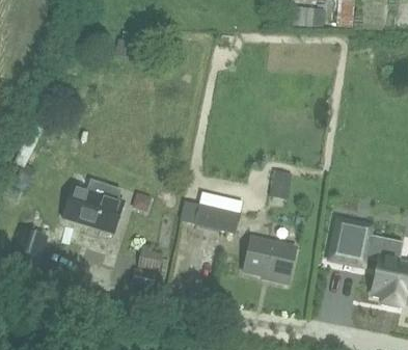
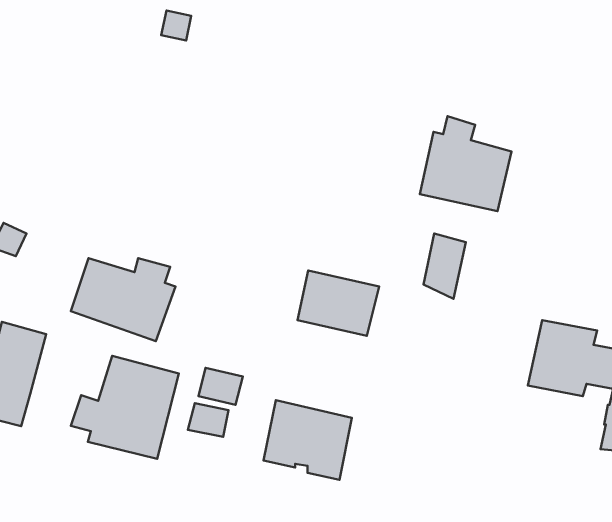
building: none -> [420,116,512,211]
building: [244,233,296,279] -> [263,400,352,480]
building: none -> [71,356,179,459]

